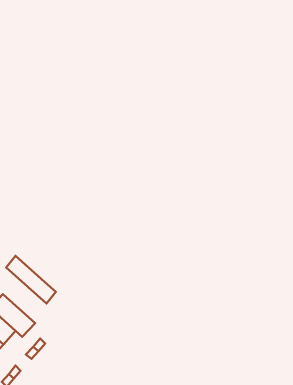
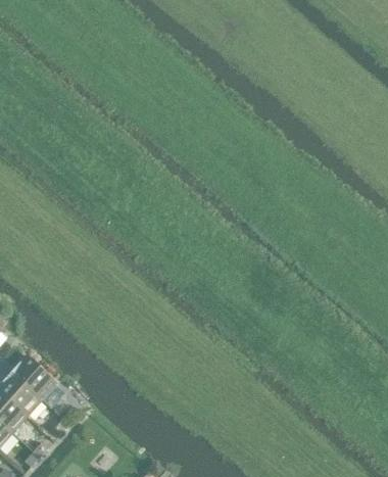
building: [6,256,56,303] -> none

